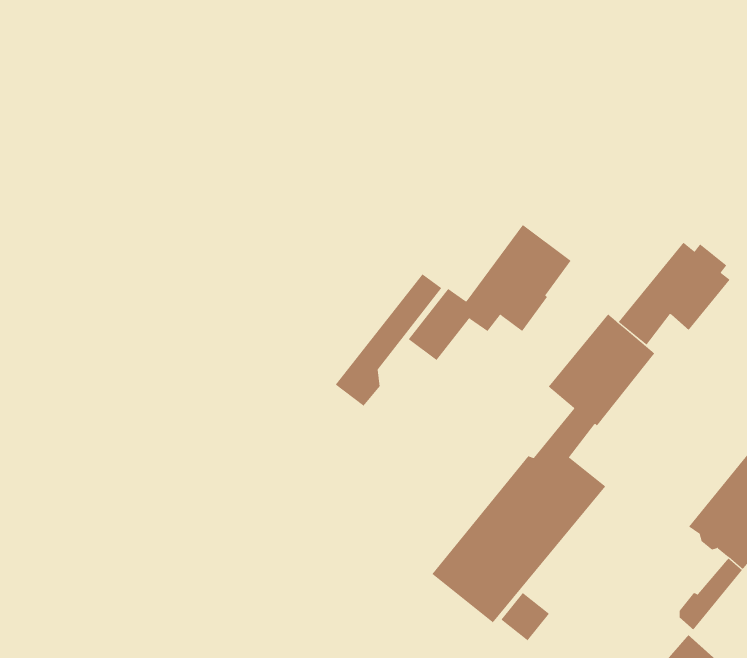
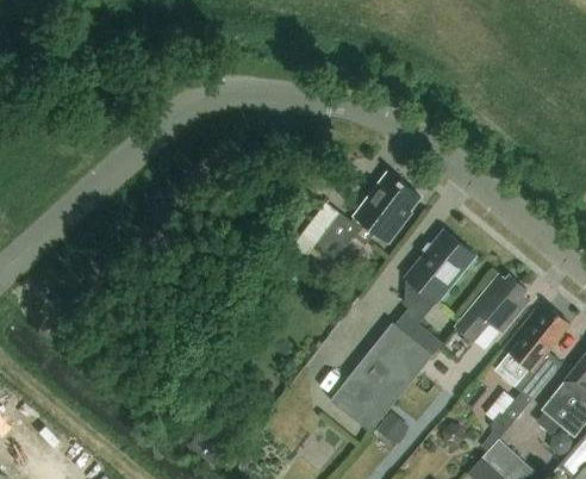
building: [618,242,731,346] -> [456,274,530,342]

